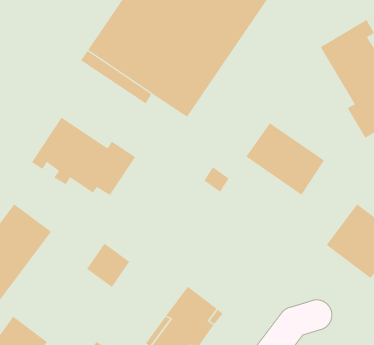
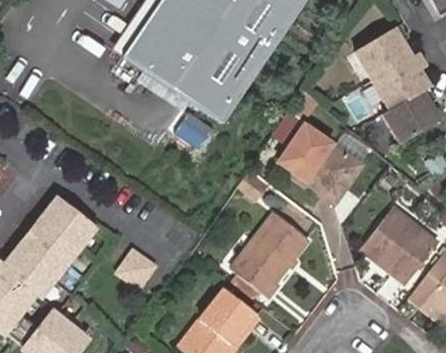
building: [31,117,136,196] -> none
building: none -> [228,215,307,299]

